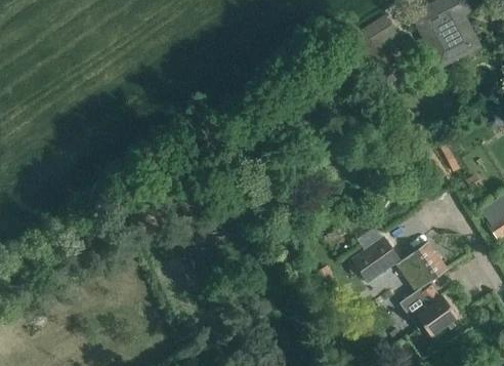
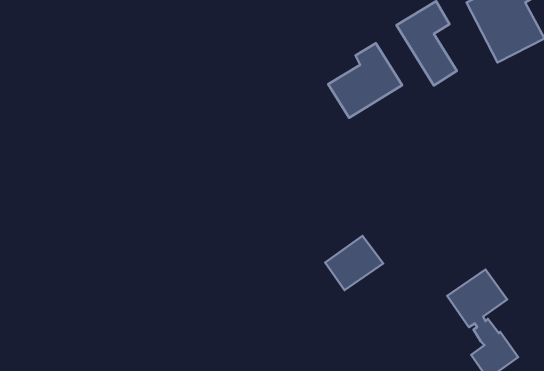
building: none -> [328,43,402,118]
building: [351,236,401,282] -> [325,236,383,290]

